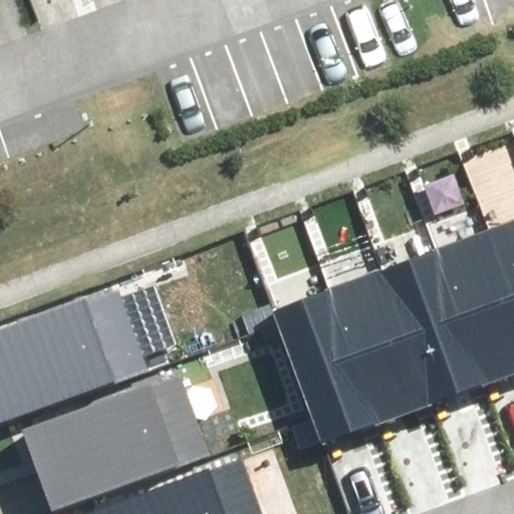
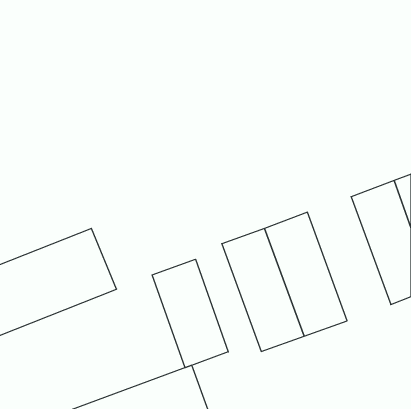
building: [381,250,485,404] -> none
building: none -> [152,259,228,368]
building: [24,375,208,508] -> none

